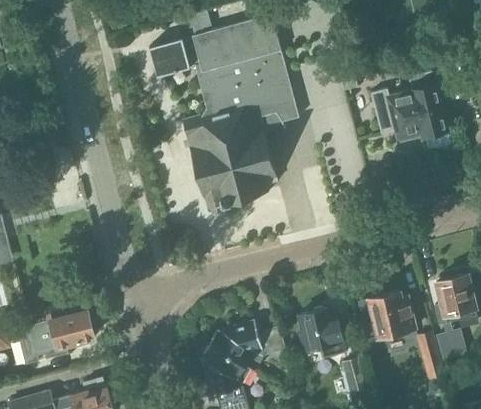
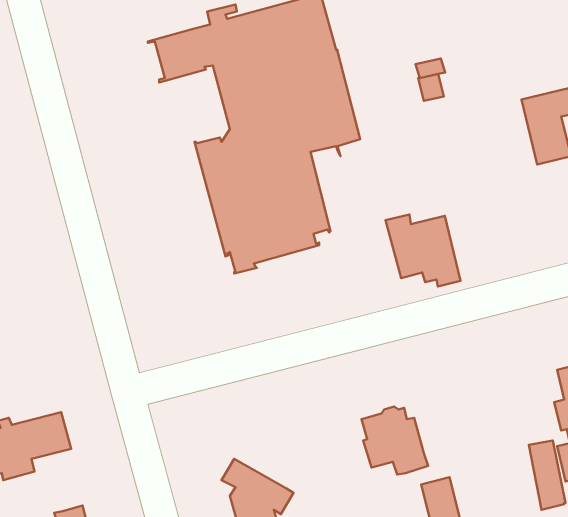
building: [370,89,423,140] -> [385,214,461,287]
building: [359,291,417,340] -> none
building: [209,322,286,370] -> none

